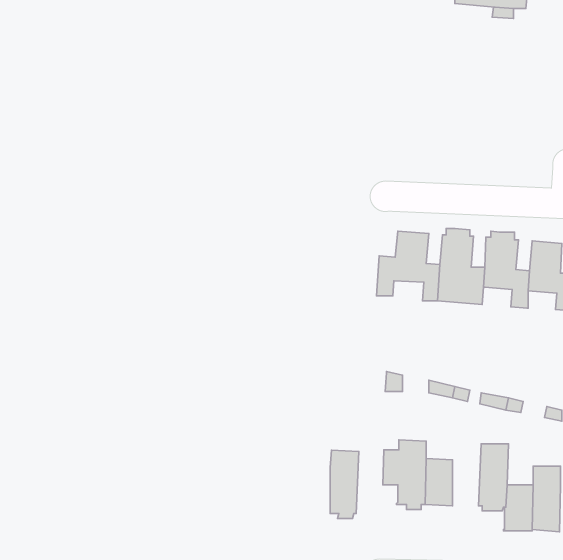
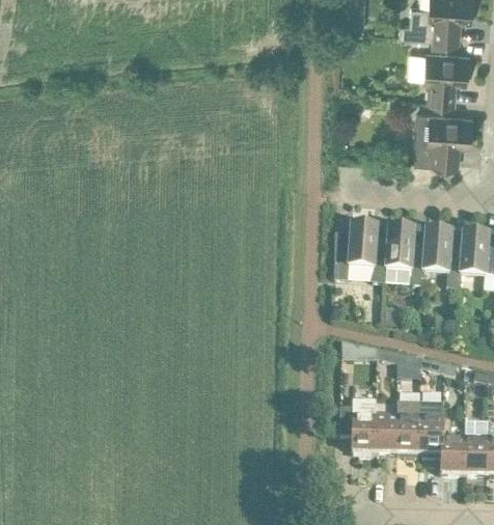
building: none -> [426,49,469,100]
building: none -> [415,110,473,162]
building: [330,450,359,519] -> [399,399,422,457]

